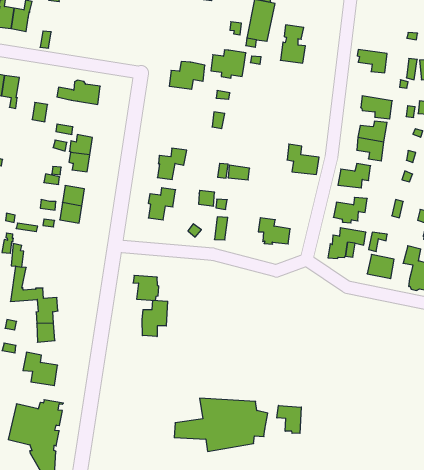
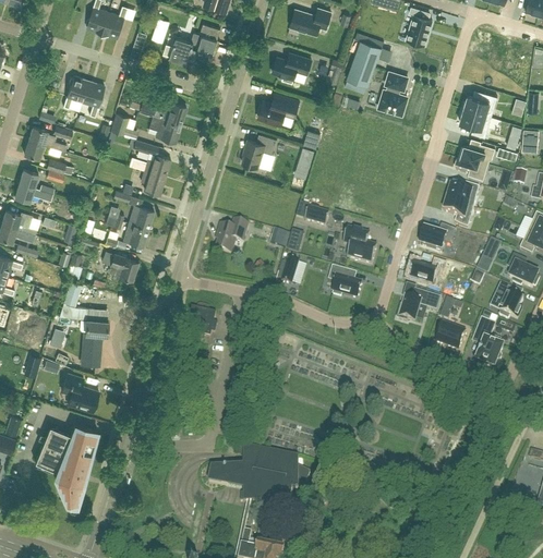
building: none -> [170,23,220,62]
building: none -> [461,92,497,117]
building: [211,50,246,78] -> [273,52,312,83]
building: none -> [458,143,495,167]
building: none -> [149,116,181,142]
building: [287,144,319,174] -> [343,229,377,265]
building: [157,148,187,179] -> [242,134,277,167]
building: none -> [108,253,138,279]
building: [142,300,168,337] -> none
building: [277,405,301,433] -> none

